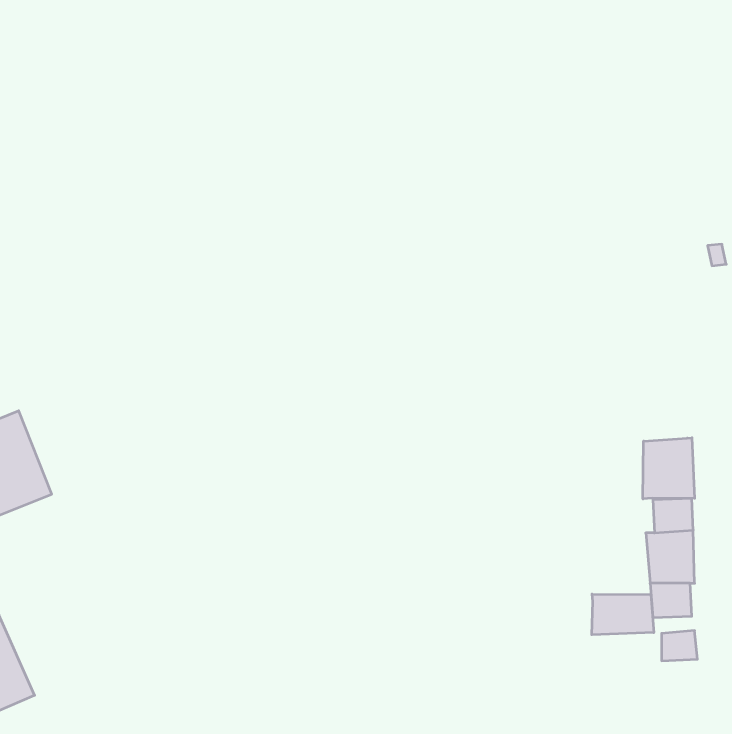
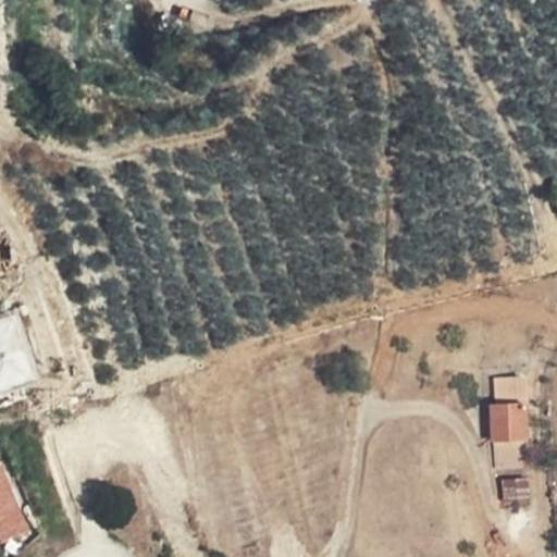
building: [643,438,695,499] -> none
building: [592,594,654,635] -> none

